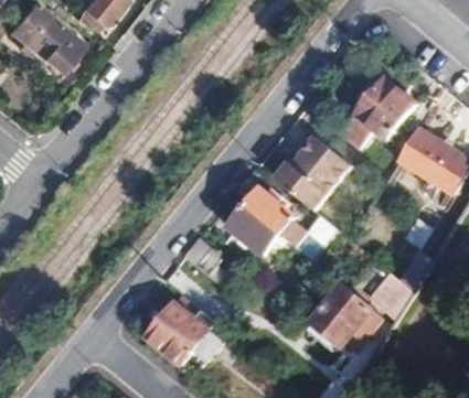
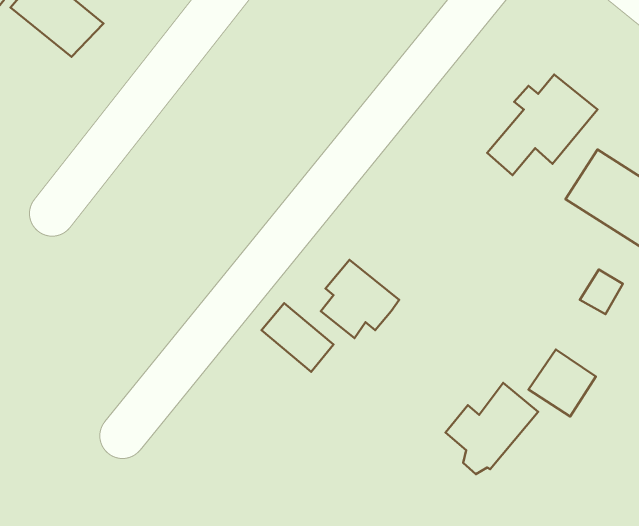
building: [277,137,352,211] -> none
building: [246,189,308,247] -> none
building: [149,293,231,363] -> none

